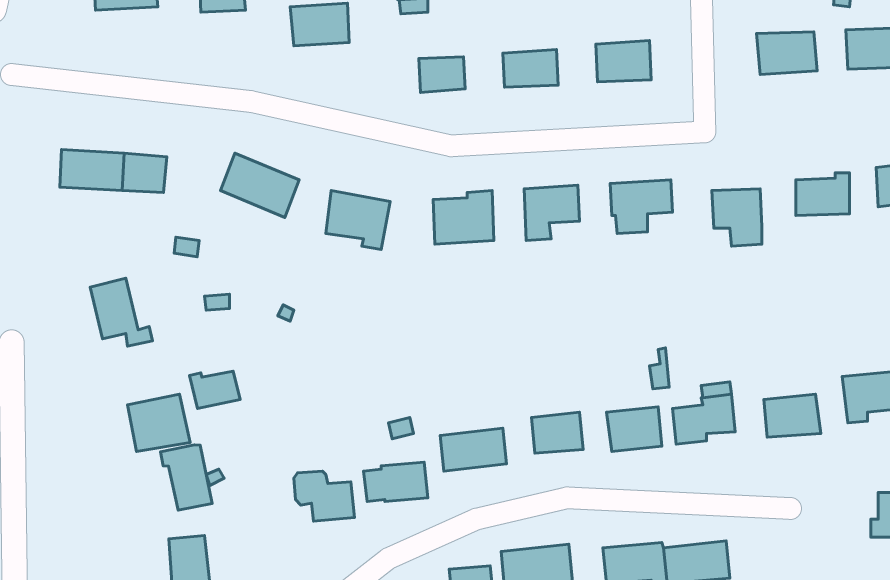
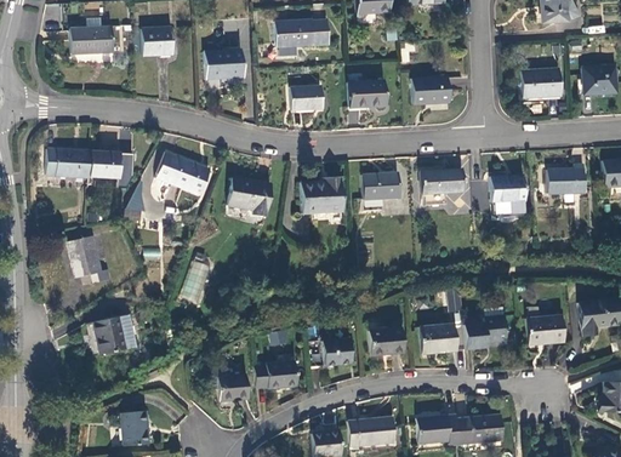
building: [190,371,240,408] -> none
building: [161,445,212,510] -> none

